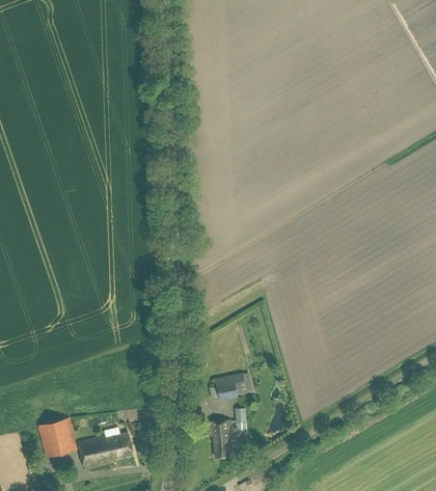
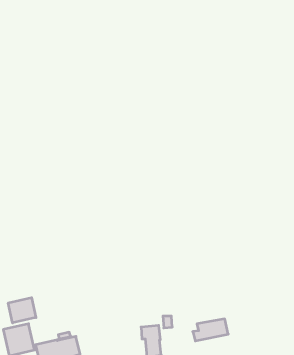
building: [209,373,252,400] -> [193,319,228,341]
building: none -> [8,298,36,323]

